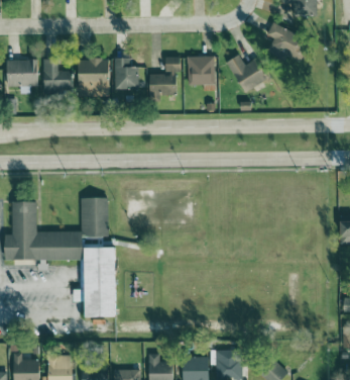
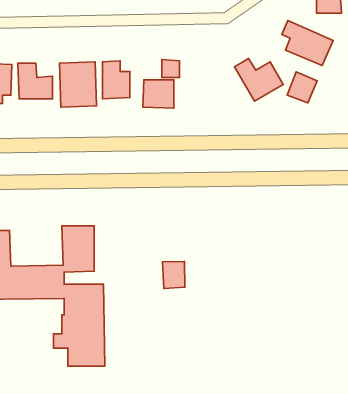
building: [188,56,216,91] -> none
building: none -> [287,72,317,103]
building: none -> [163,262,185,288]

